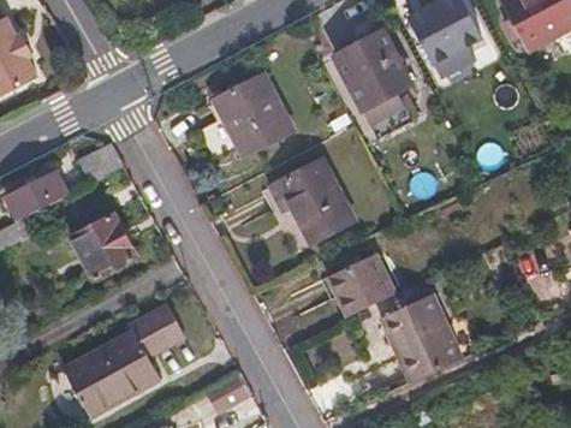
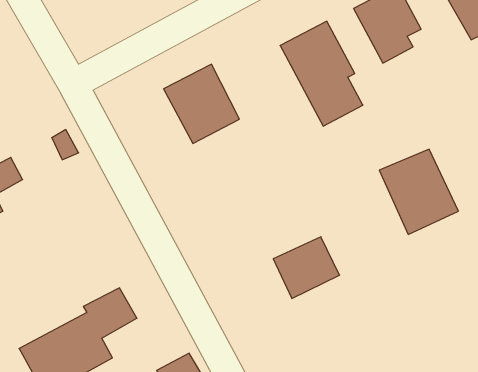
building: [269,160,352,242] -> none
building: [70,214,135,278] -> none
building: [379,295,460,382] -> [379,149,458,234]

